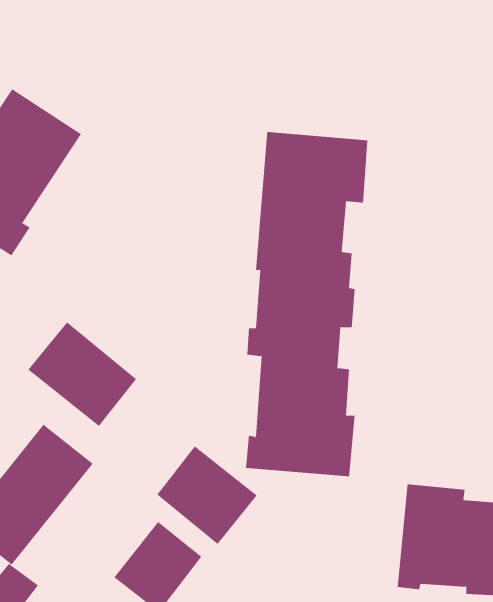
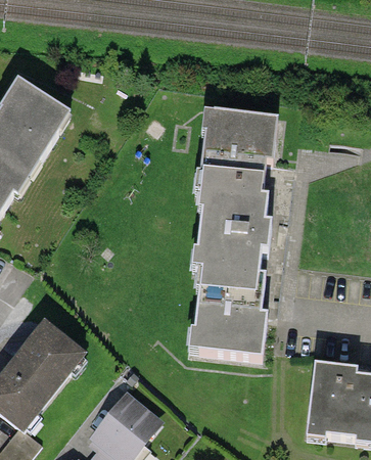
building: [28,321,137,427] -> none
building: [156,445,258,545] -> none

